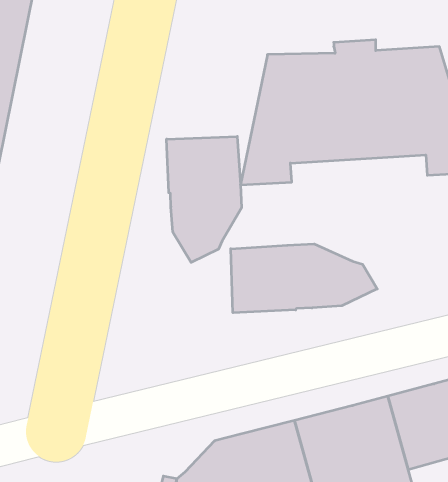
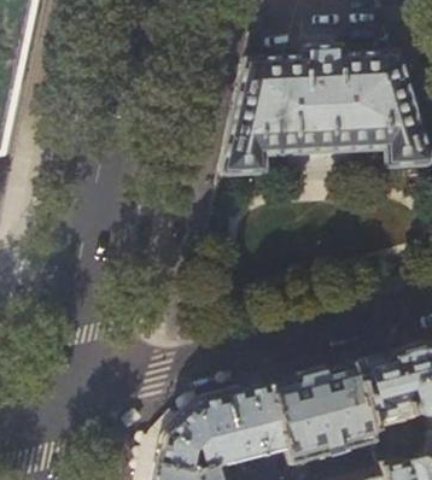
building: [167,136,242,262] -> none
building: [231,244,377,313] -> none

